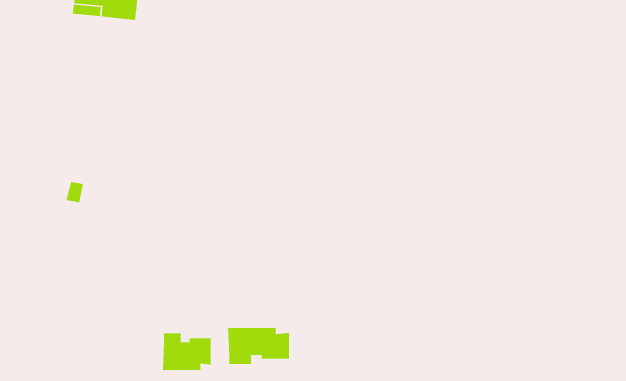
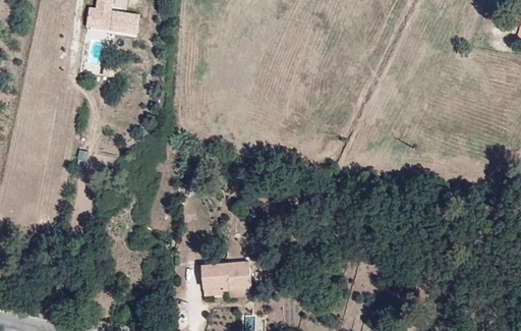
building: [162,332,212,371] -> none

